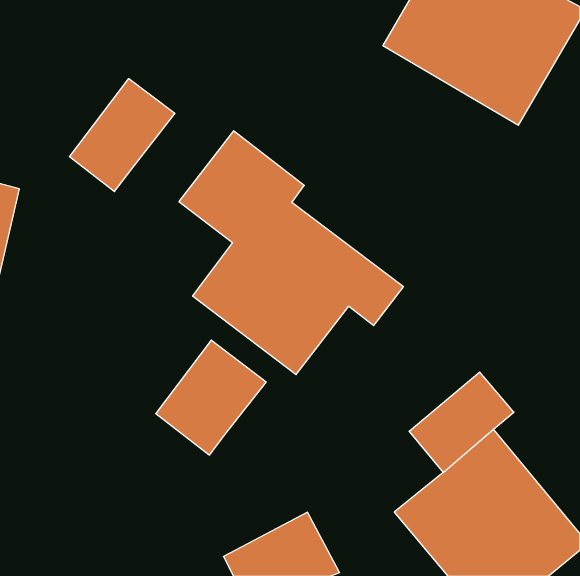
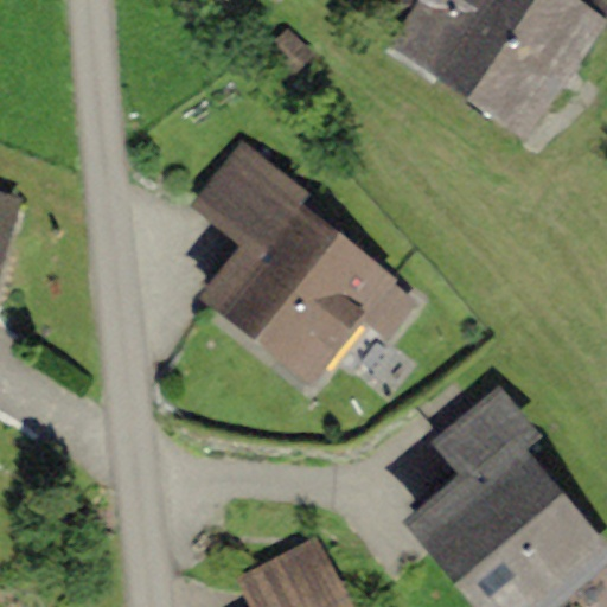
building: [69,79,175,192] -> none
building: [156,340,266,455] -> none

